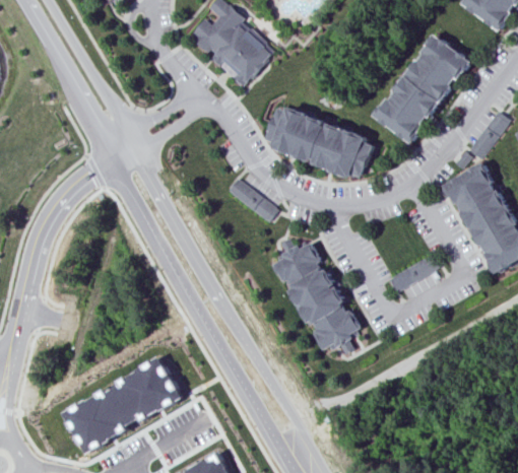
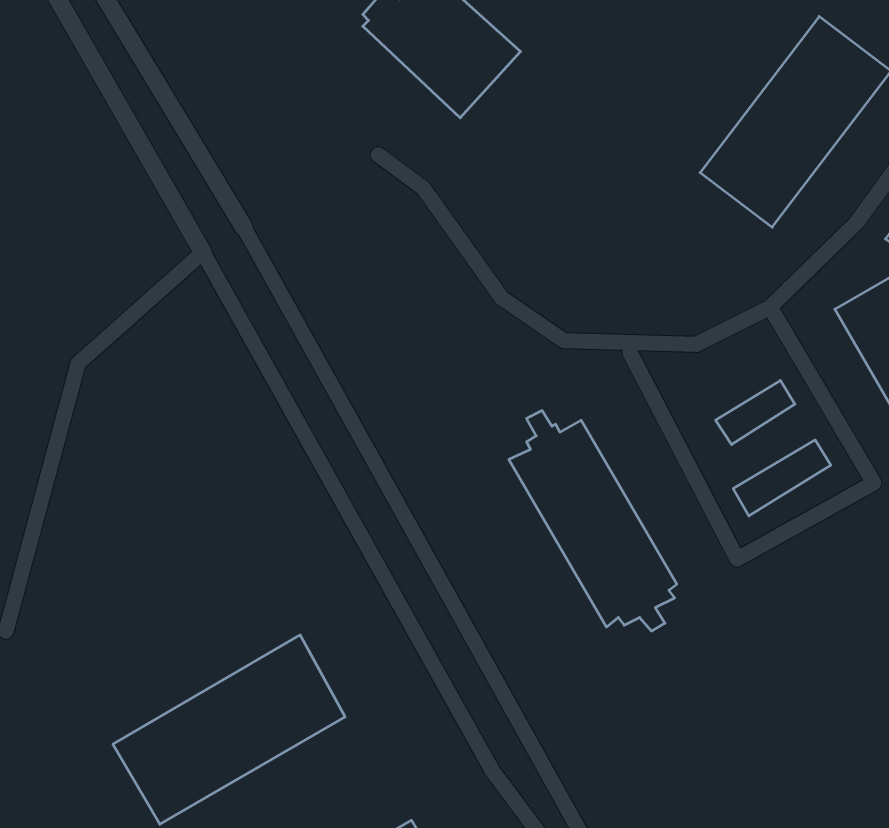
building: [265,107,372,179] -> none
building: [228,177,278,222] -> none
building: none -> [716,380,795,445]

